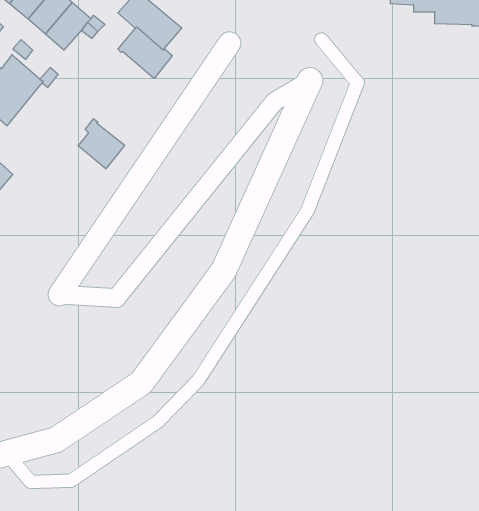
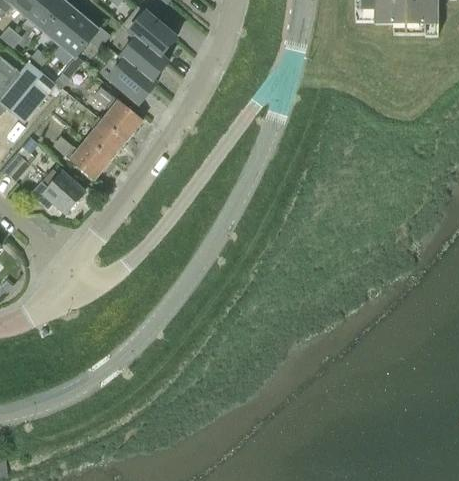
building: none -> [108,58,156,103]
building: none -> [95,88,142,139]
building: none -> [54,136,110,178]
building: none -> [31,167,84,211]

